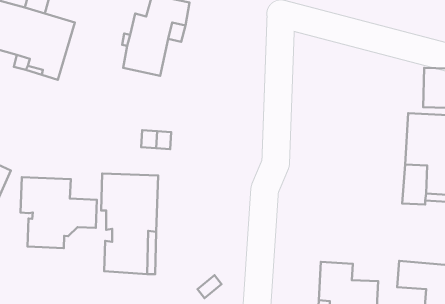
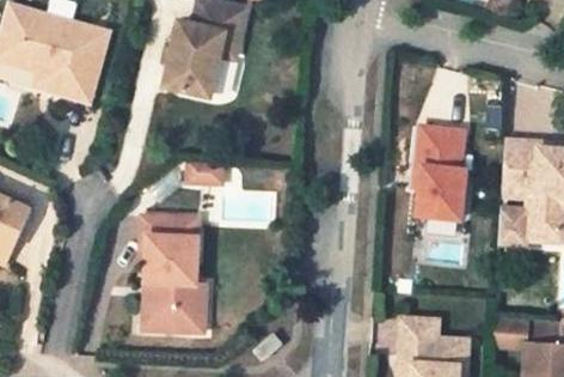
building: none -> [416,127,465,219]
building: [20,177,97,248] -> none

